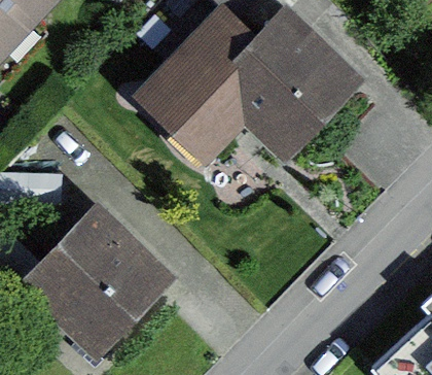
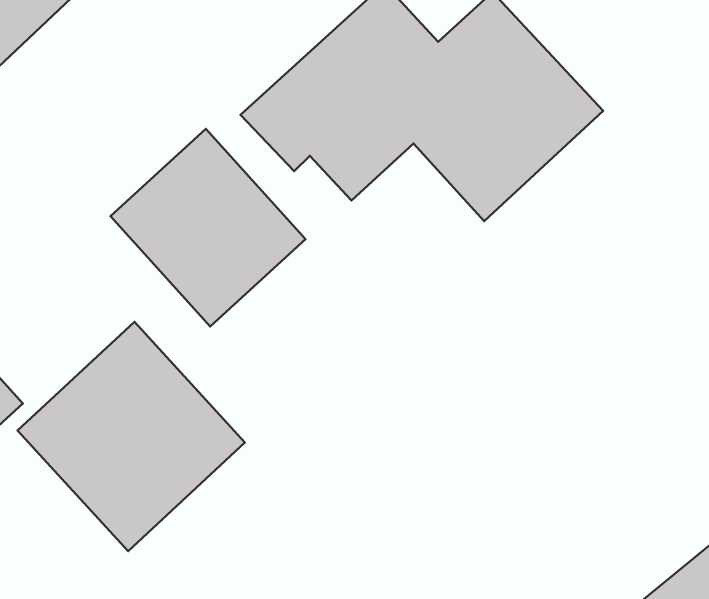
building: none -> [111,129,305,326]

